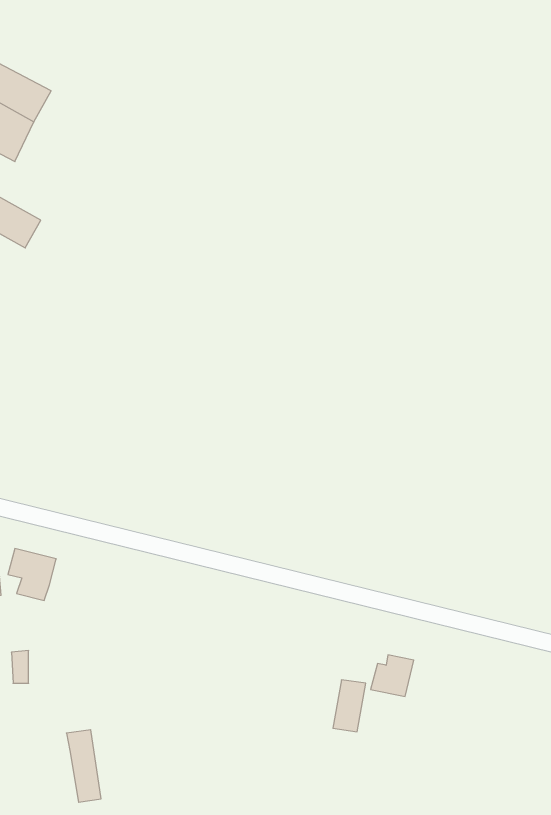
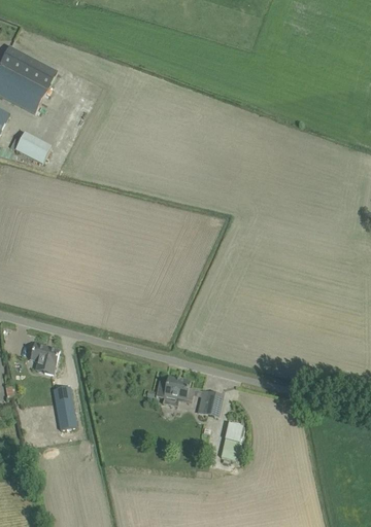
building: none -> [163,376,194,406]
building: [371,655,414,696] -> [197,391,223,416]
building: [66,730,101,802] -> [55,386,75,429]

